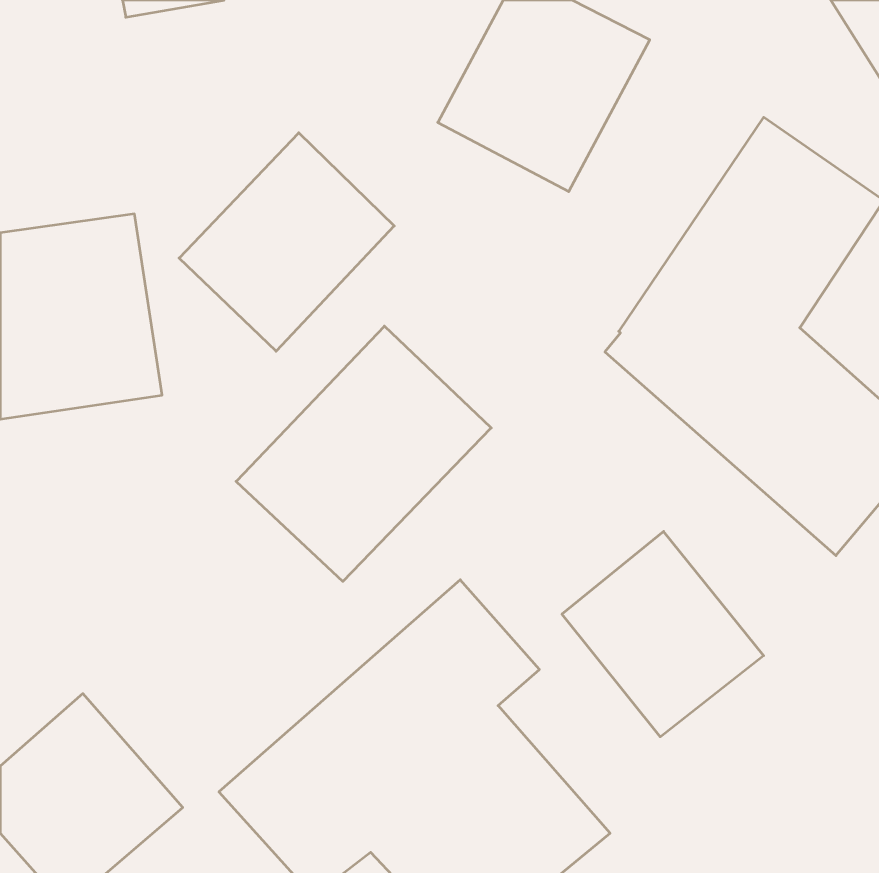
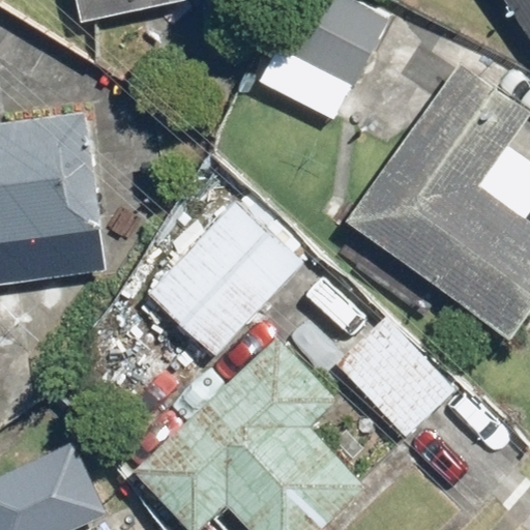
building: [179,133,394,351] -> none

